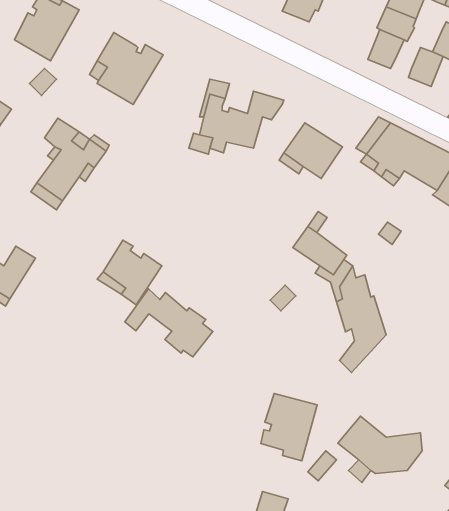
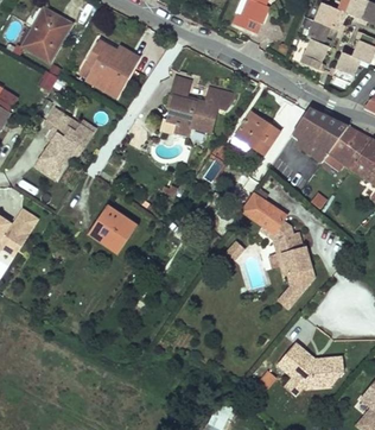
building: [125,289,213,357] -> none
building: [261,394,317,461] -> none

